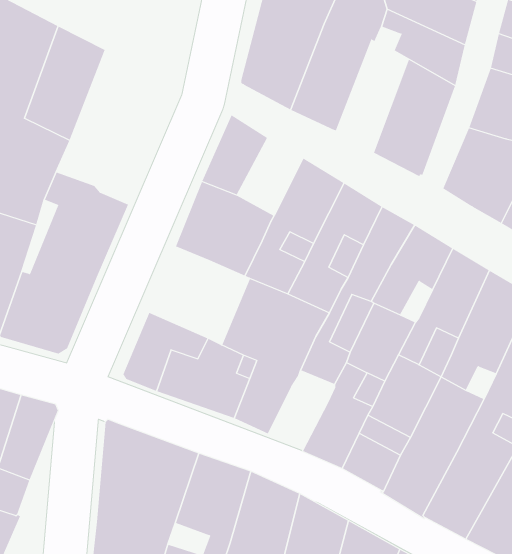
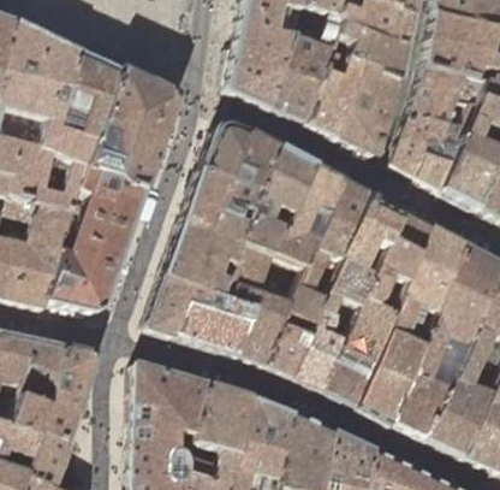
building: none -> [305,49,361,138]
building: none -> [87,69,177,190]
building: none -> [231,131,281,193]
building: none -> [166,222,244,297]
building: none -> [266,327,311,378]

